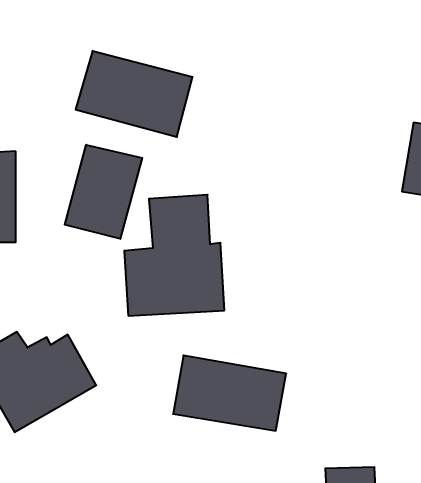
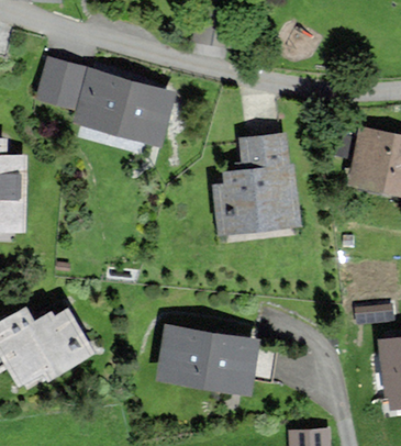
building: none -> [37,59,81,108]
building: [65,145,142,239] -> none
building: [124,195,224,316] -> [216,134,301,236]

